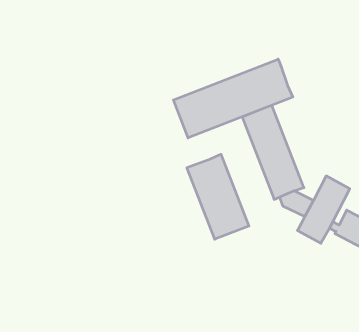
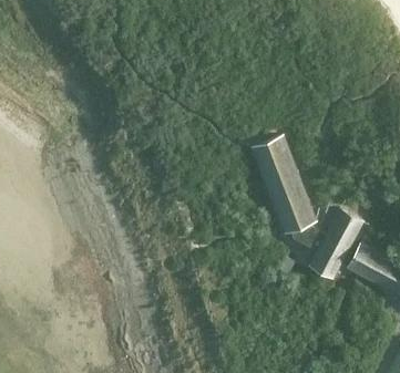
building: [173,59,293,138] -> none
building: [187,154,249,239] -> none

